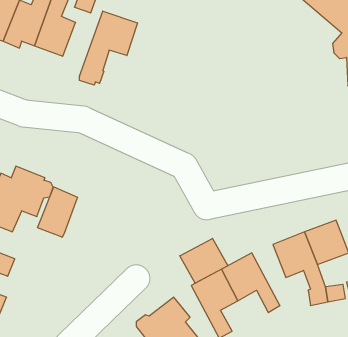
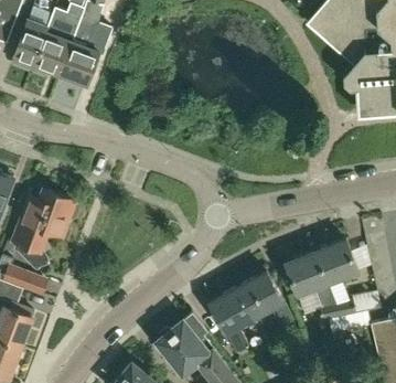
building: [80,11,137,85] -> none
building: [37,187,77,237] -> none
building: [180,238,228,283] -> none

